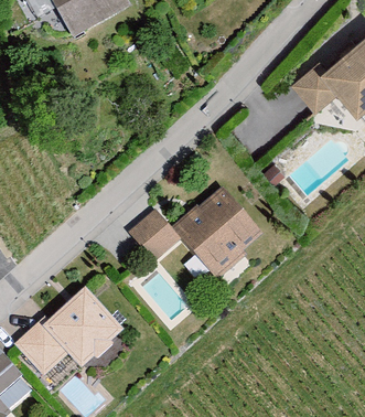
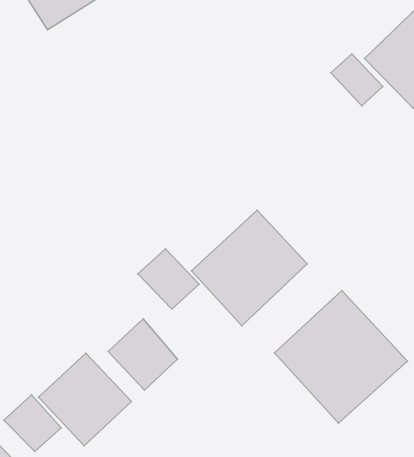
building: none -> [274,291,407,423]
building: none -> [108,319,178,390]

